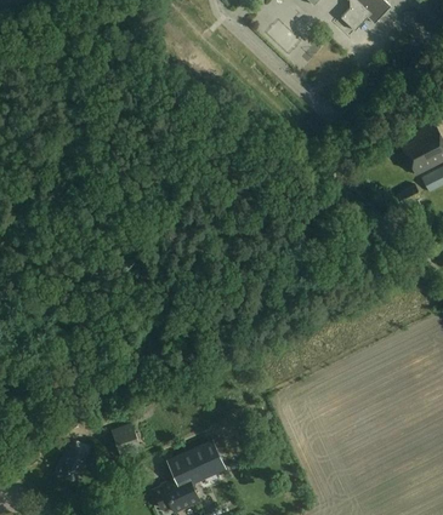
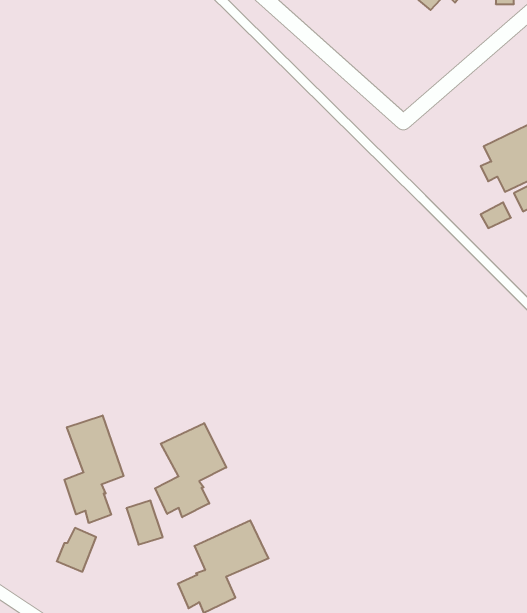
building: none -> [64,415,124,523]
building: none -> [155,423,226,517]

